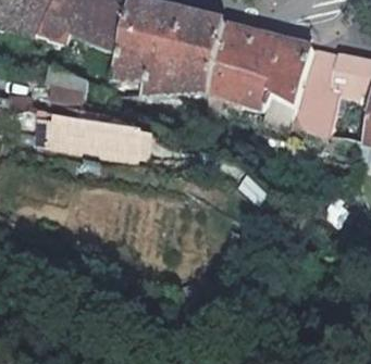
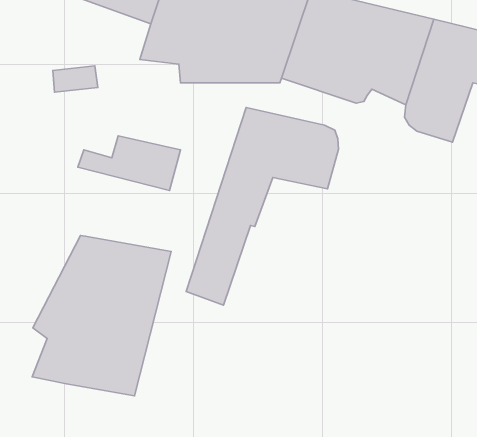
building: none -> [186,107,338,305]
building: none -> [32,236,171,396]

